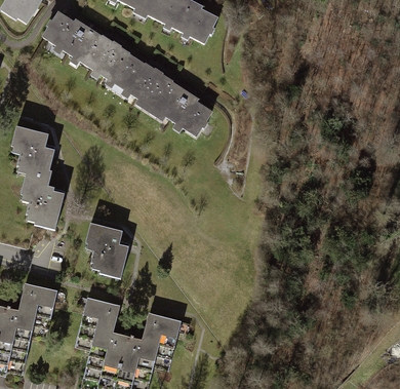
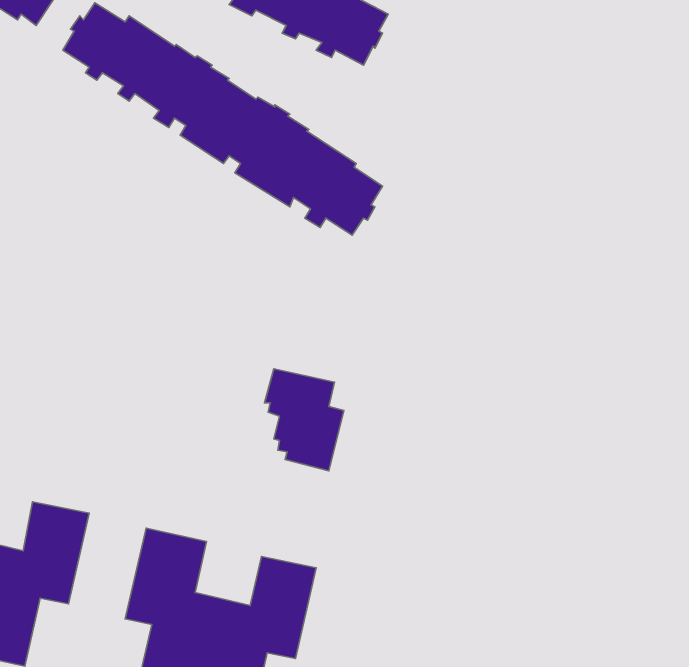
building: [12,125,65,228] -> none
building: [86,223,129,278] -> [265,369,344,471]

